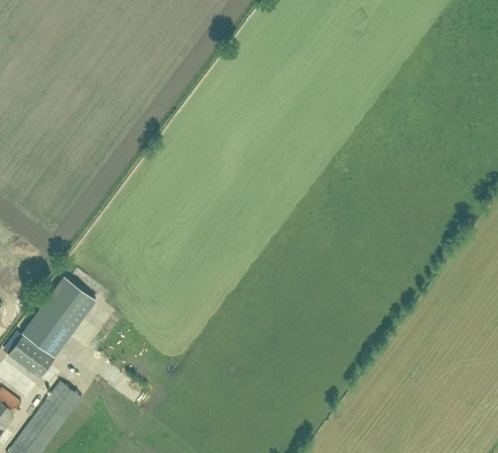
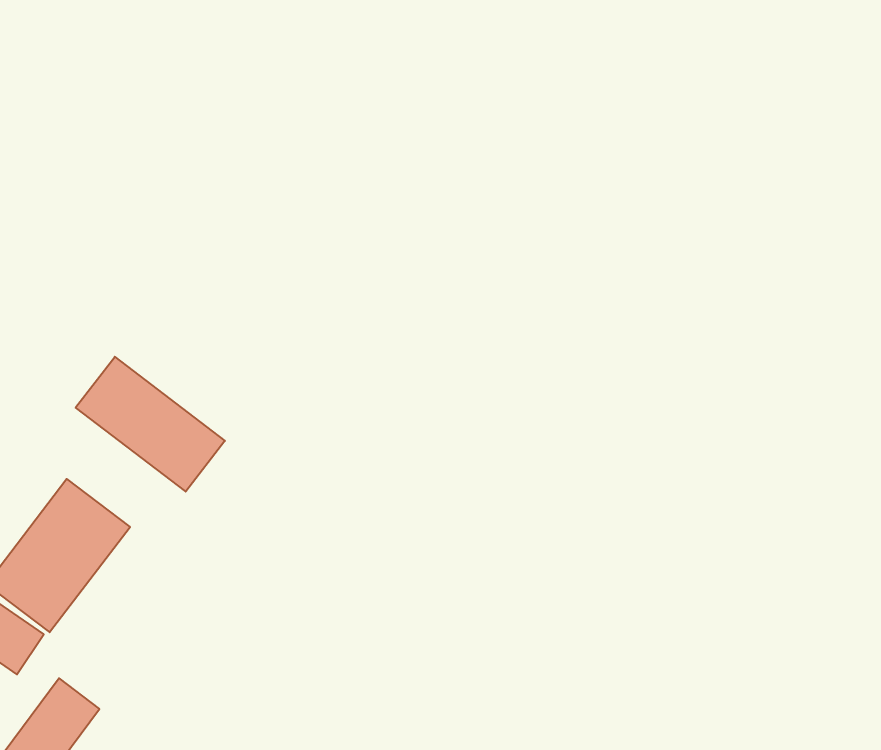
building: none -> [76,357,225,492]

